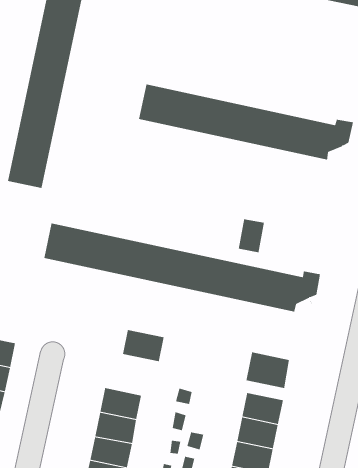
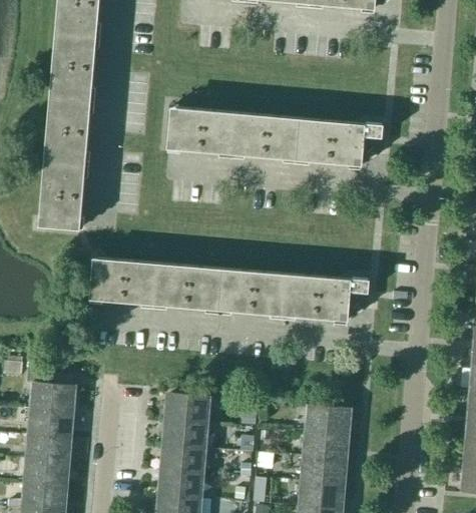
building: [238,218,264,253] -> none
building: [122,330,164,362] -> [166,393,206,421]
building: [246,351,290,389] -> none

